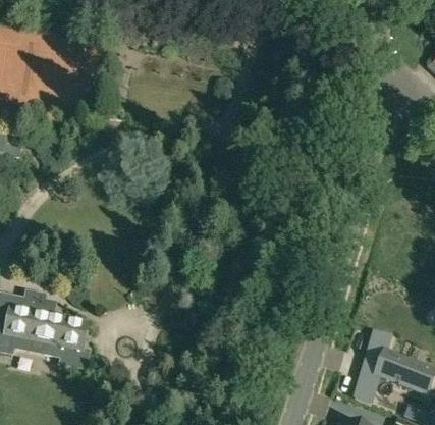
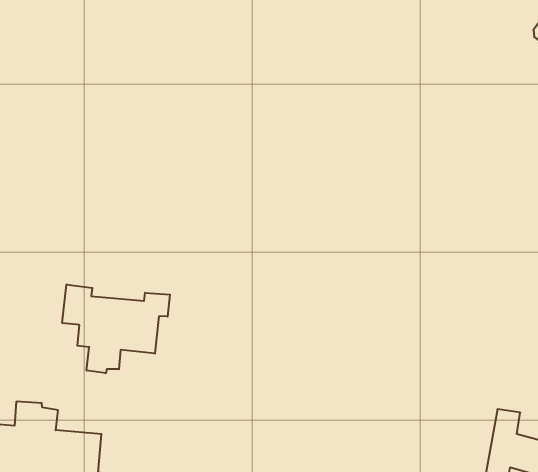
building: none -> [62,284,170,373]

